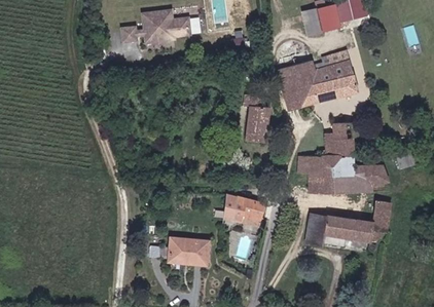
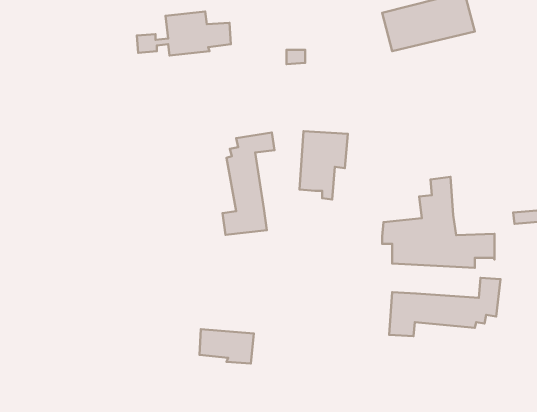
building: [276,52,360,112] -> none
building: none -> [222,132,275,235]
building: [224,195,263,224] -> none

